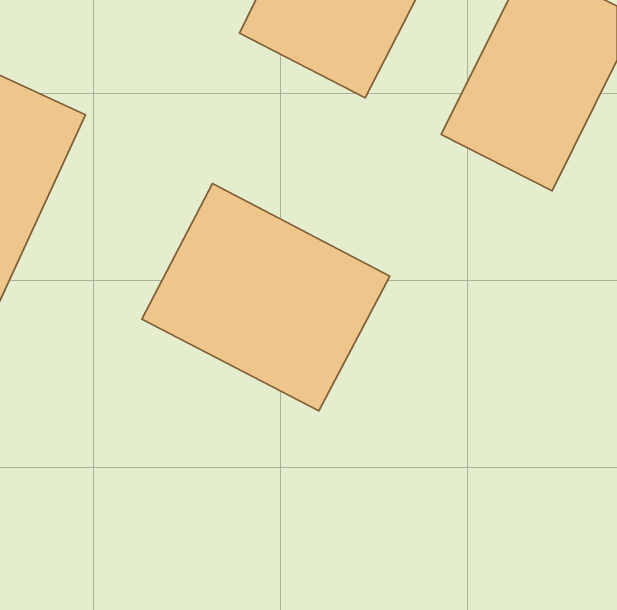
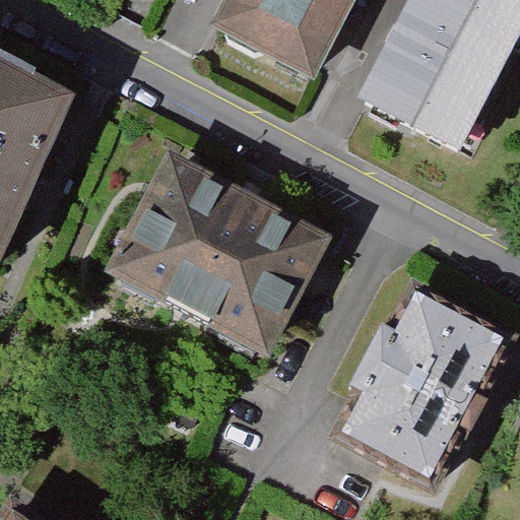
building: none -> [344,292,506,478]

